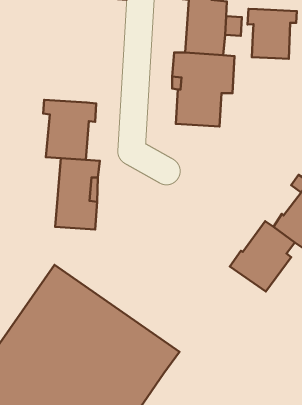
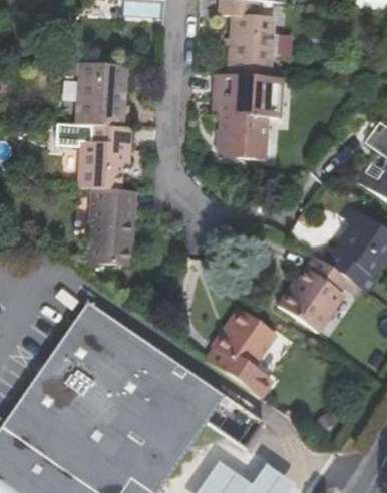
building: [247,9,297,59] -> none
building: none -> [76,63,126,127]
building: none -> [206,310,273,397]

